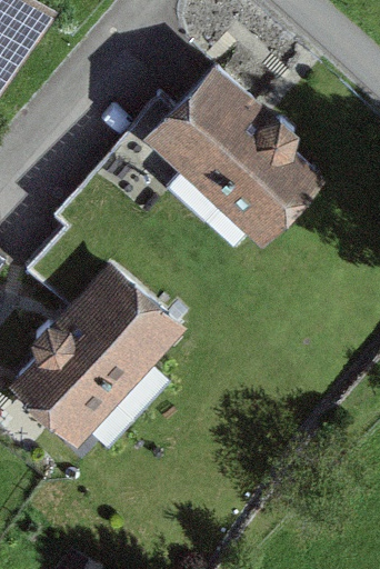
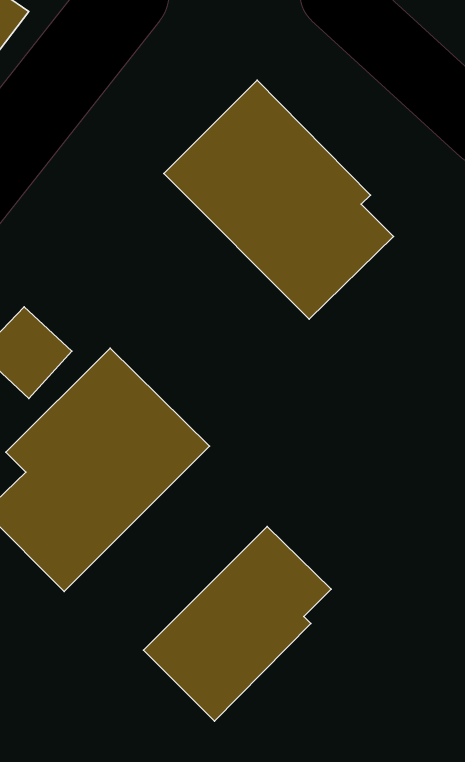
building: none -> [143,526,331,721]

